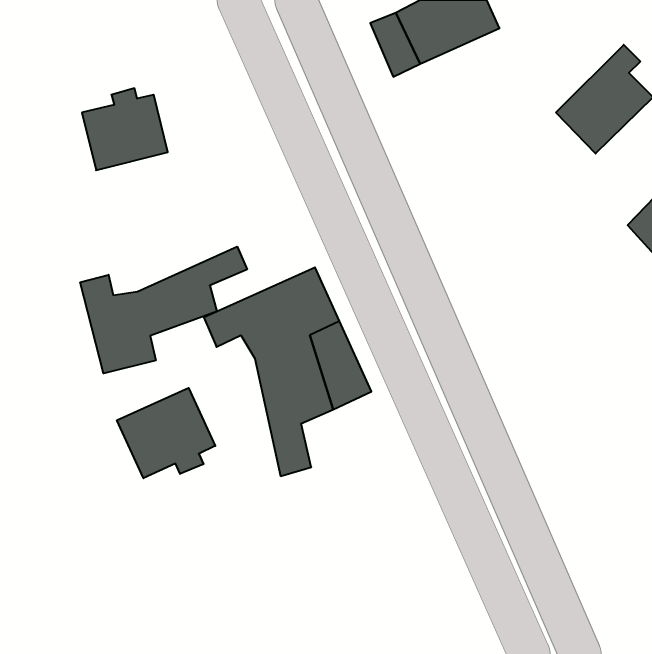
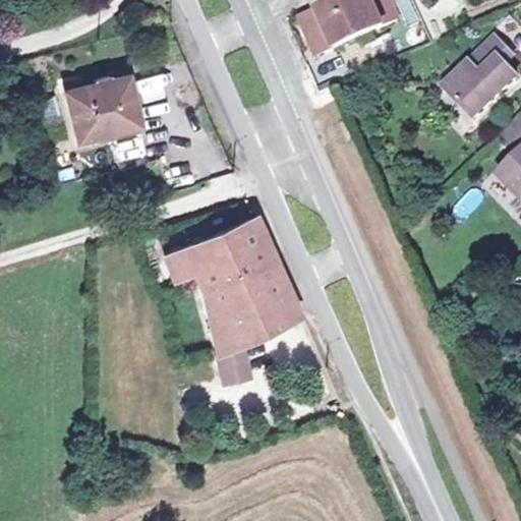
building: [80,247,247,373] -> none
building: [117,388,215,478] -> none

